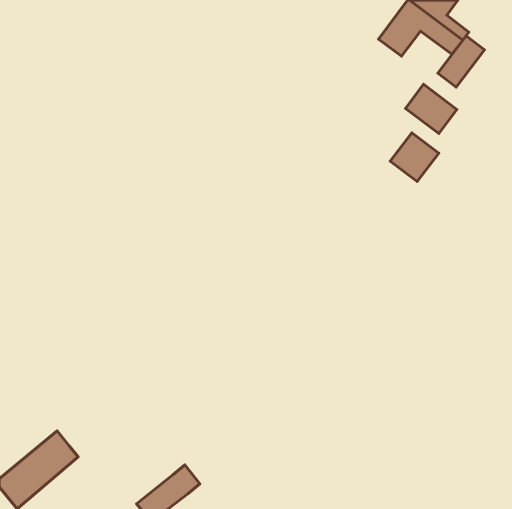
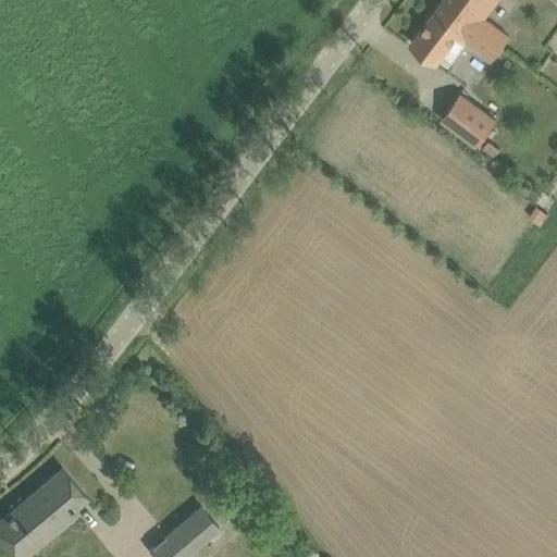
building: [438,36,484,87] -> none
building: [390,133,439,182] -> none

